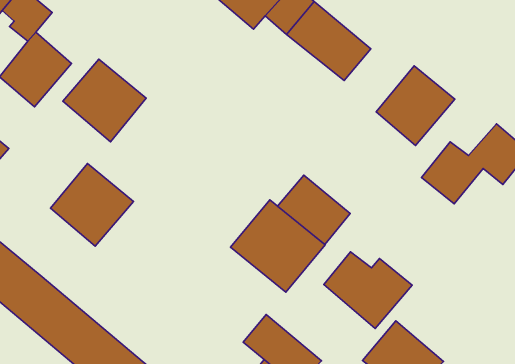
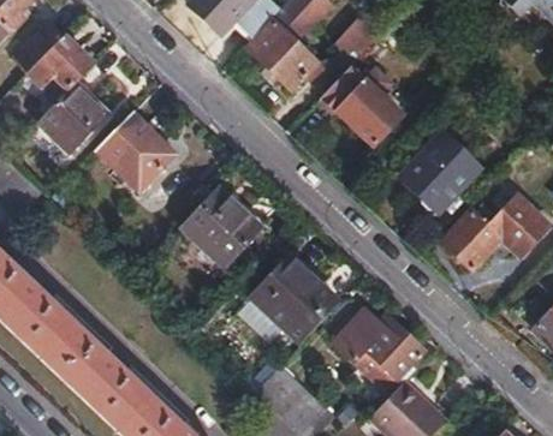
building: [50,163,133,246] -> [182,184,262,264]
building: [278,175,350,244] -> none

